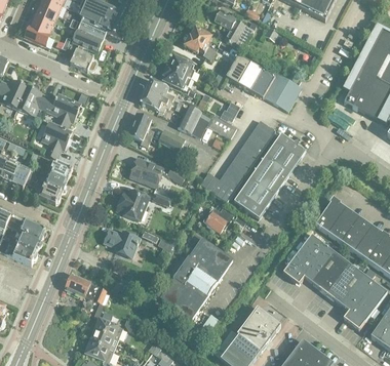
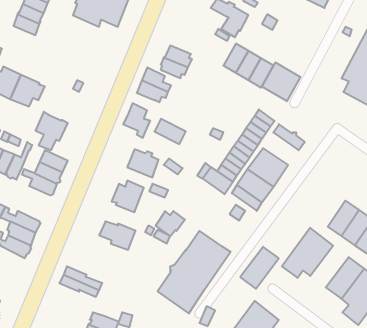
building: [70,27,104,71] -> none
building: [185,27,216,58] -> none
building: [44,94,81,130] -> none
building: [178,105,237,137] -> none
building: [265,141,300,173] -> none
building: [315,199,346,234] -> none
building: [205,207,234,232] -> [156,211,185,236]
building: [311,252,349,293] -> [240,247,279,289]

